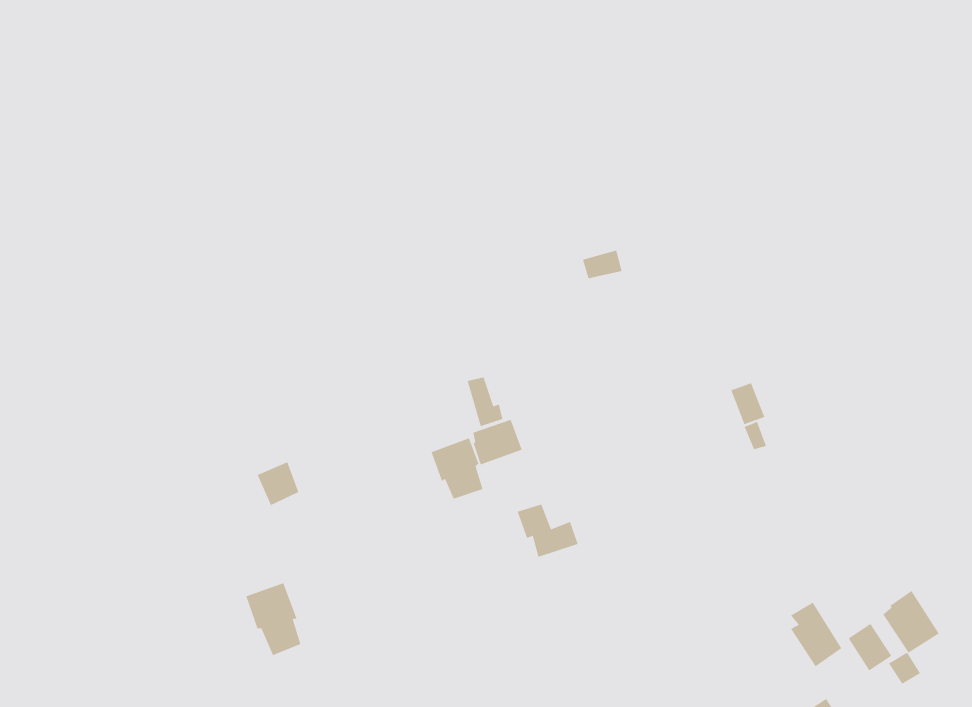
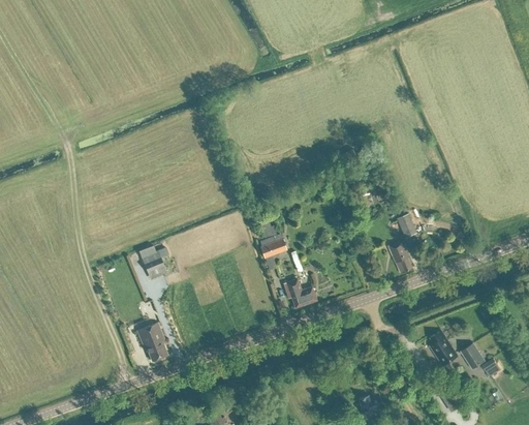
building: none -> [387,240,412,273]
building: [431,438,483,500] -> none
building: [883,590,940,653] -> none

